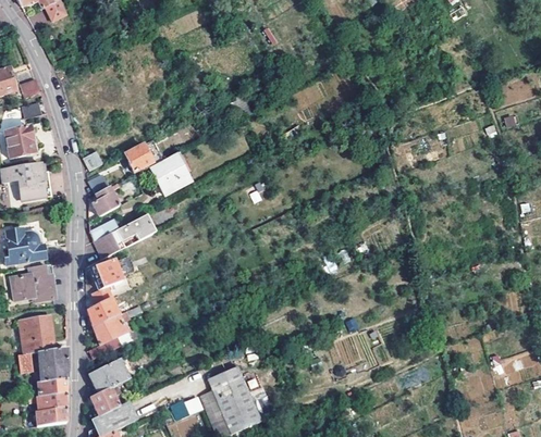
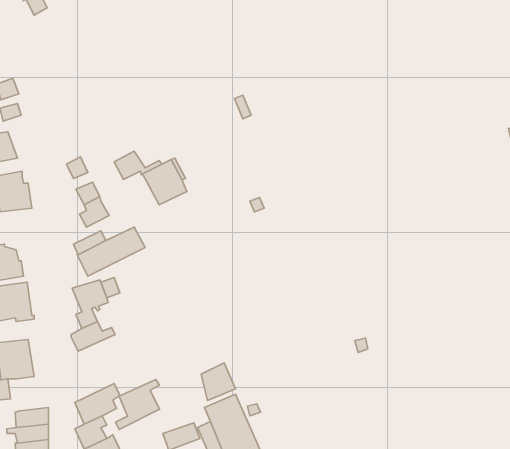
building: [90,312,131,358] -> [115,379,160,429]
building: none -> [201,363,235,400]
building: [37,348,66,382] -> none

